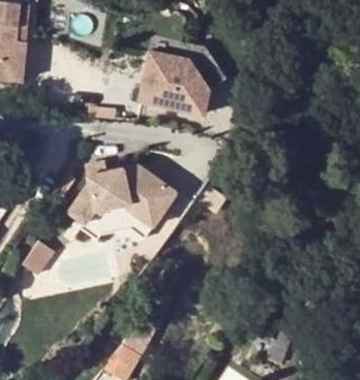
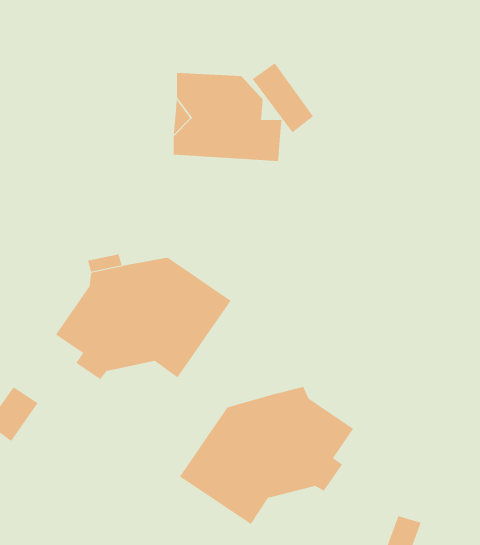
building: none -> [179,386,354,525]

